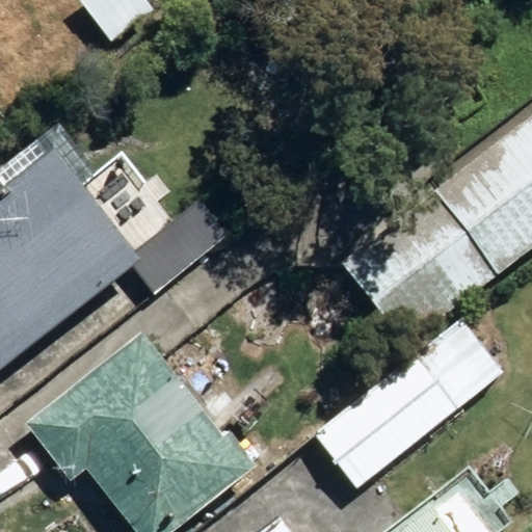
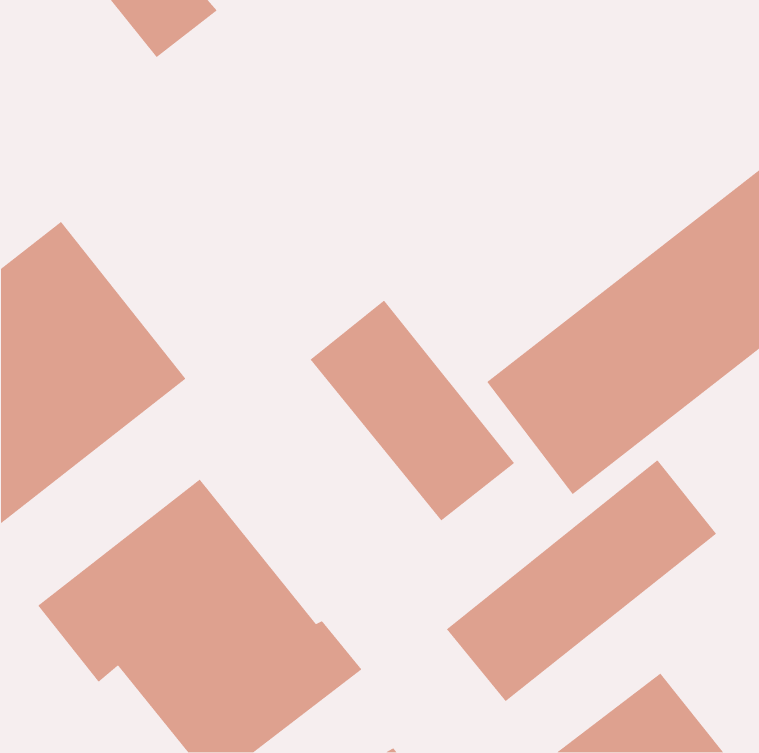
building: none -> [310,300,515,522]

